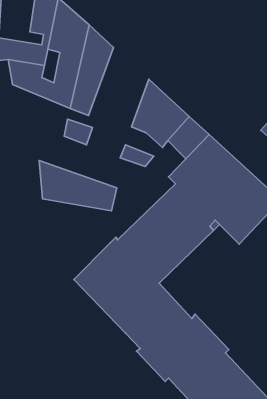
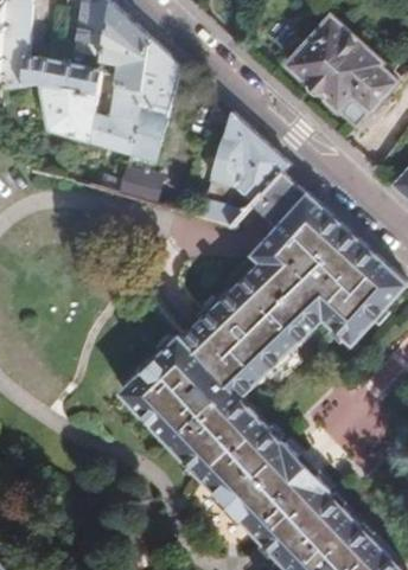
building: none -> [280,19,385,124]
building: [39,160,117,211] -> none

